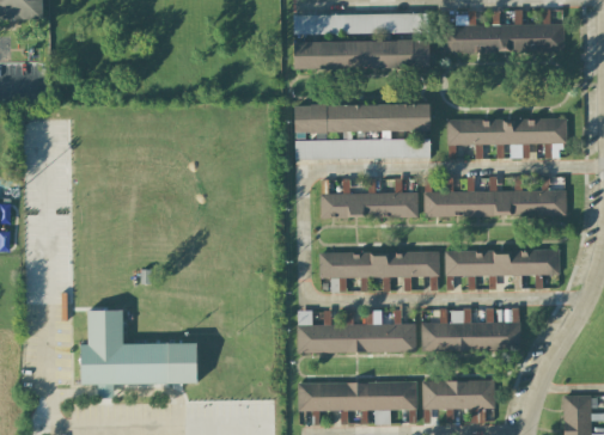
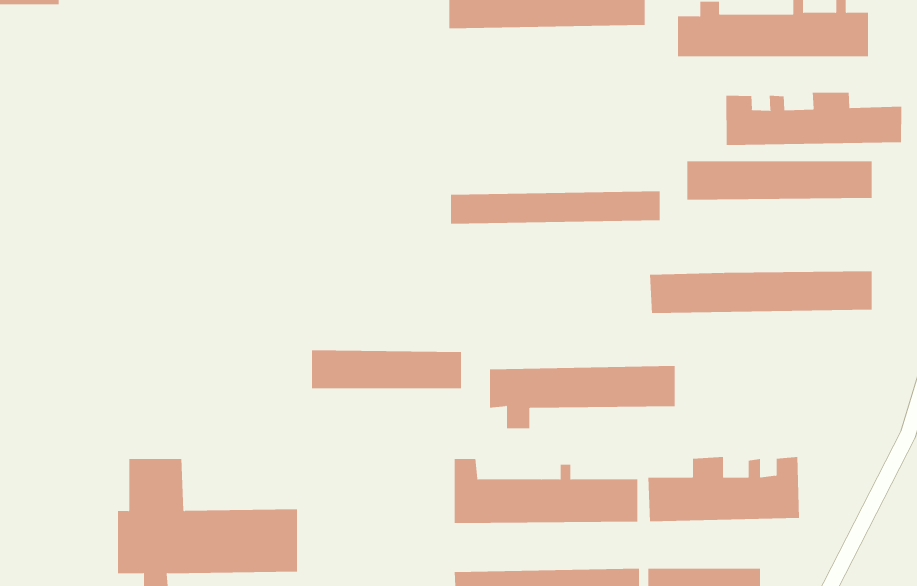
building: [294,41,431,69] -> none
building: none -> [726,92,902,146]
building: [295,104,431,133] -> none
building: [322,192,419,218] -> [311,350,462,389]
building: [445,250,560,276] -> none

